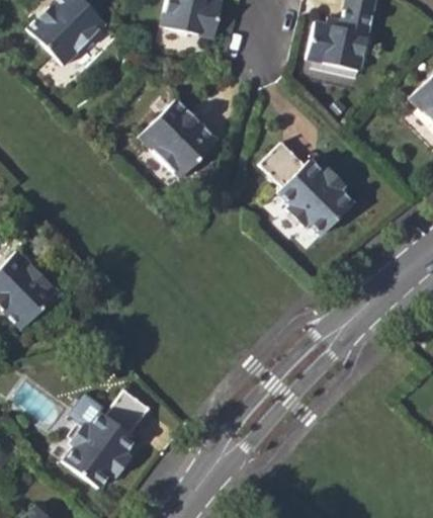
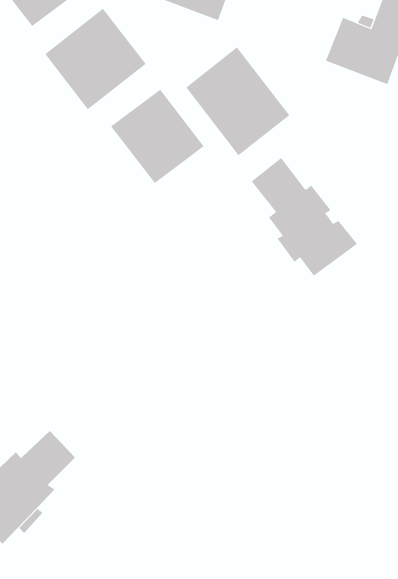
building: none -> [44,8,146,110]
building: none -> [186,46,290,156]

